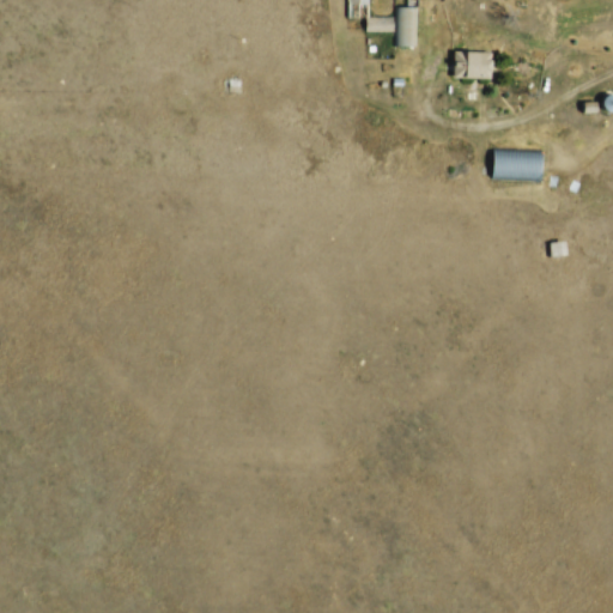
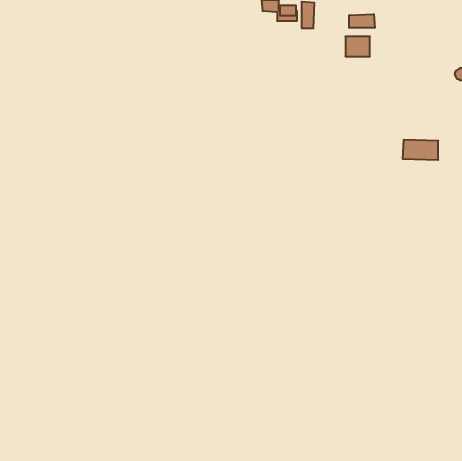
building: none -> [349,14,375,28]
building: [494,147,541,174] -> [403,140,438,160]

